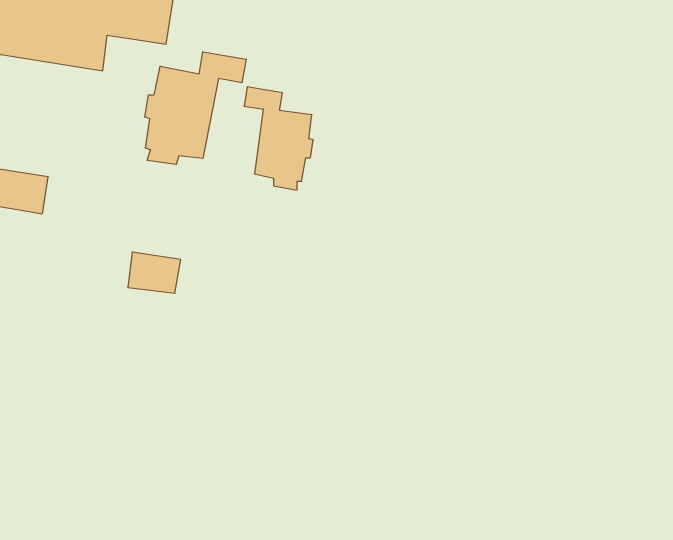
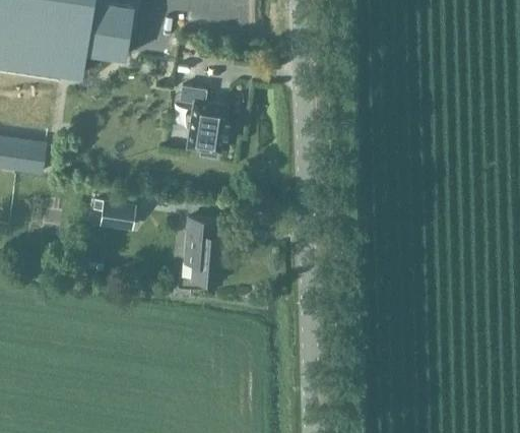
building: [145,52,246,165] -> none
building: none -> [183,218,222,284]

